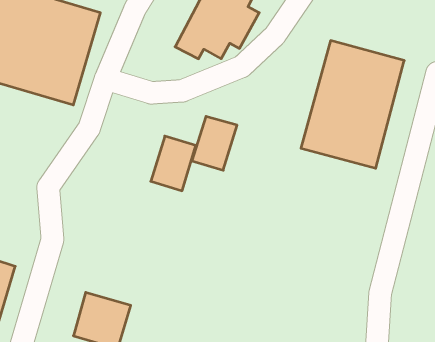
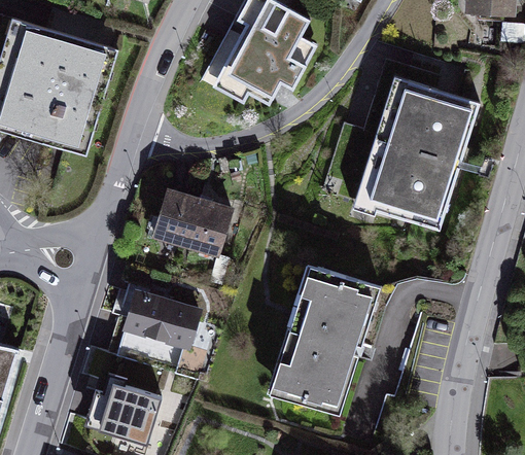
building: [192,116,237,170] -> [143,184,197,248]
building: none -> [256,262,383,419]
building: none -> [113,283,203,358]

